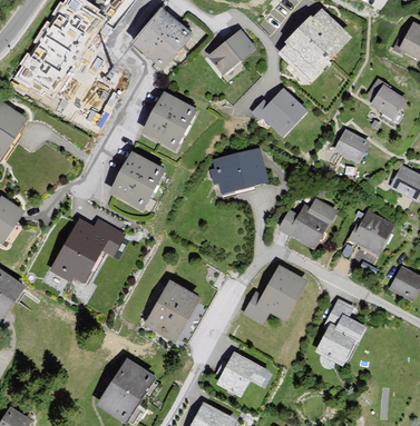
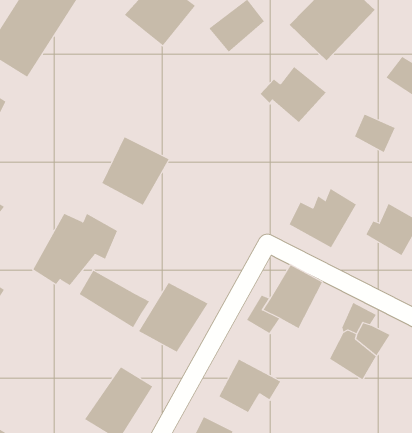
building: [143,92,202,153] -> none
building: [207,149,268,196] -> none
building: none -> [79,270,150,328]

